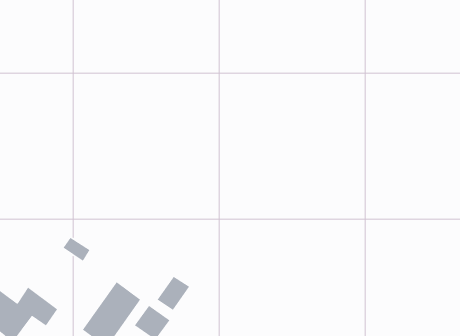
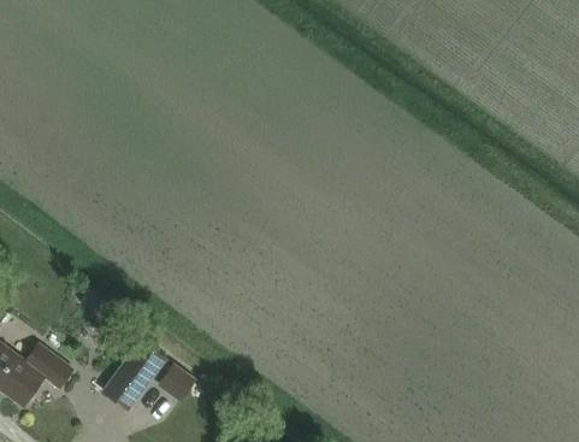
building: [157,276,190,311] -> none

